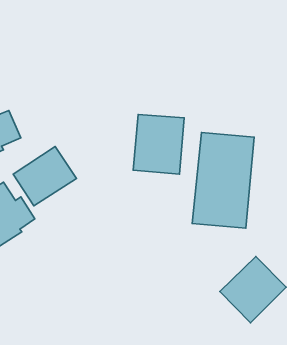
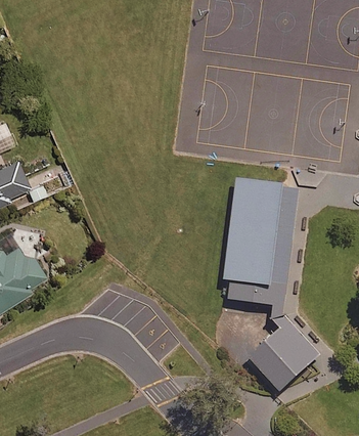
building: [133,115,184,174] -> none
building: [13,147,77,206] -> none

